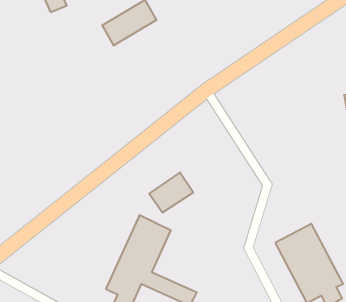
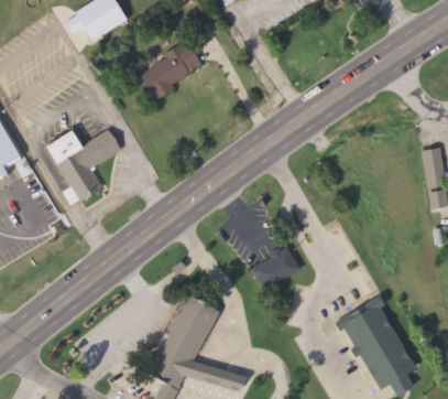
building: none -> [46,129,122,208]
building: [149,172,193,213] -> [250,246,301,292]

